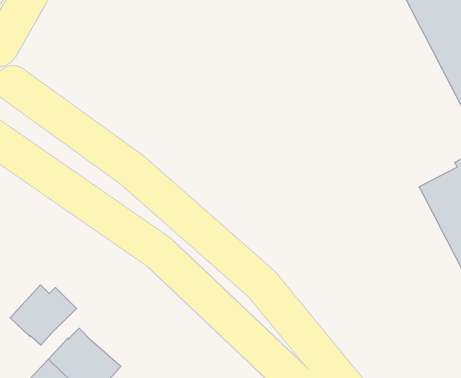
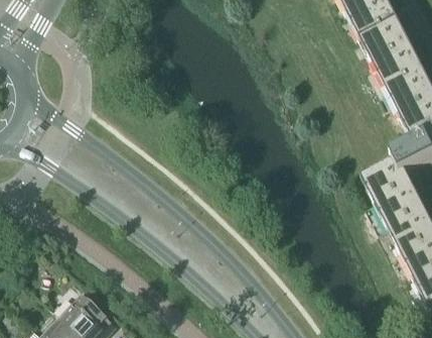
building: [10,285,77,345] -> none

